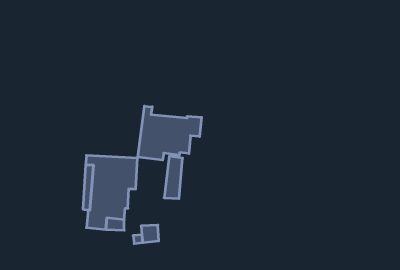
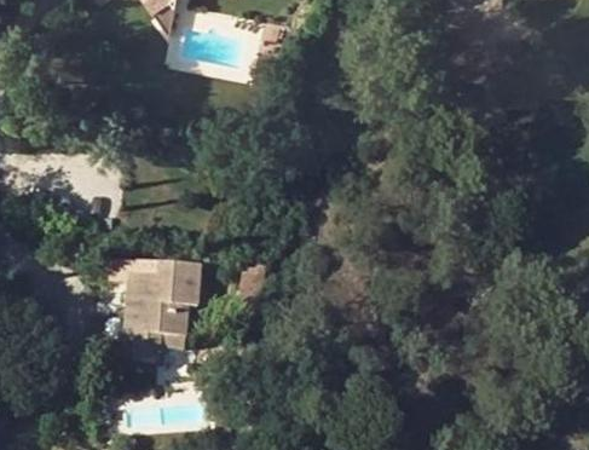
building: [138,106,202,160] -> none

